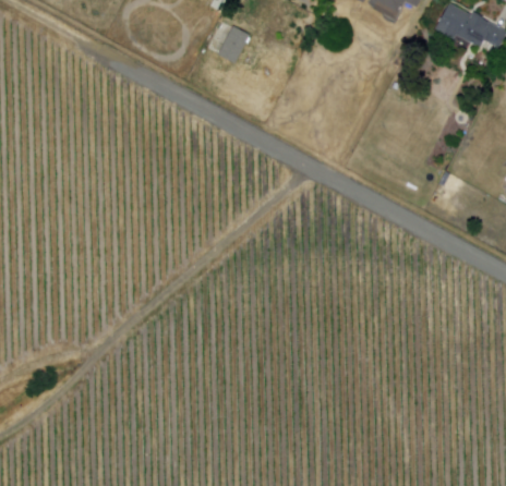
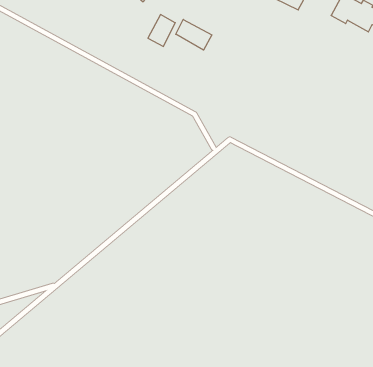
building: none -> [176,19,212,50]

